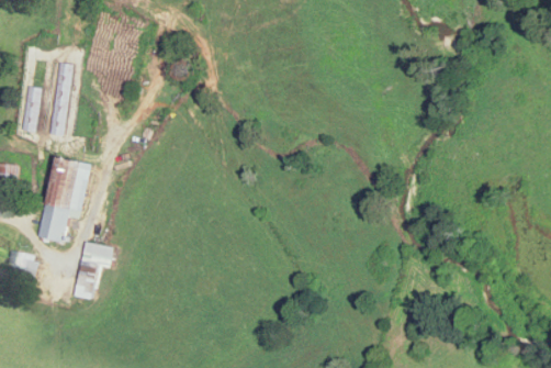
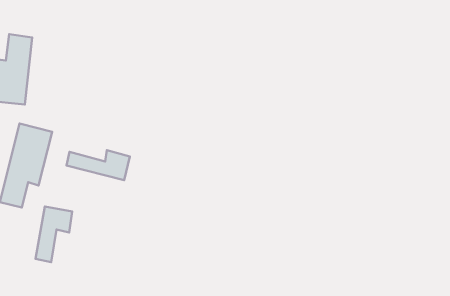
building: none -> [66,150,130,180]

